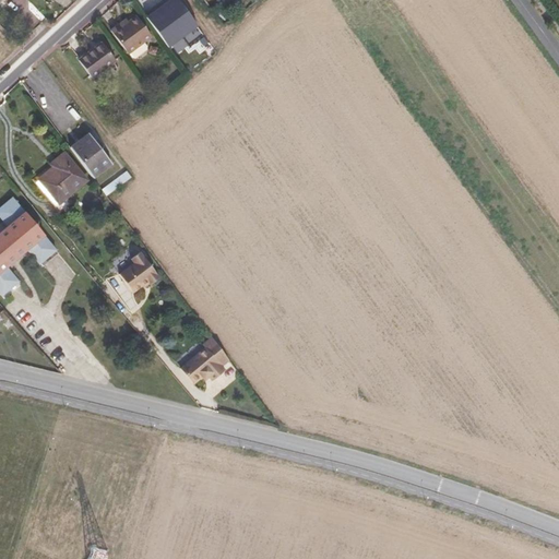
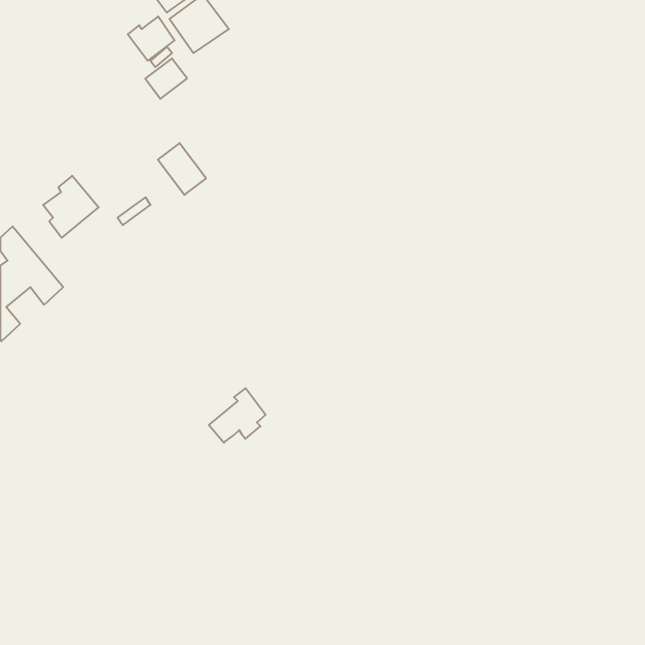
building: [80,41,116,76] -> [145,58,187,99]
building: [71,132,112,177] -> [158,143,206,195]
building: [120,251,160,292] -> none

